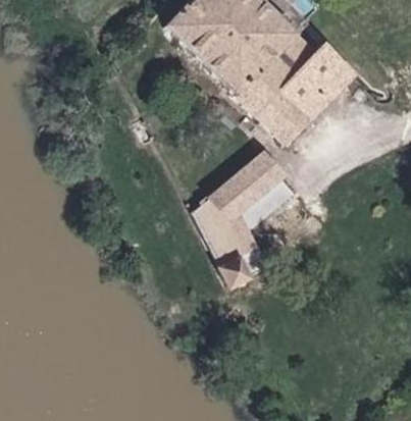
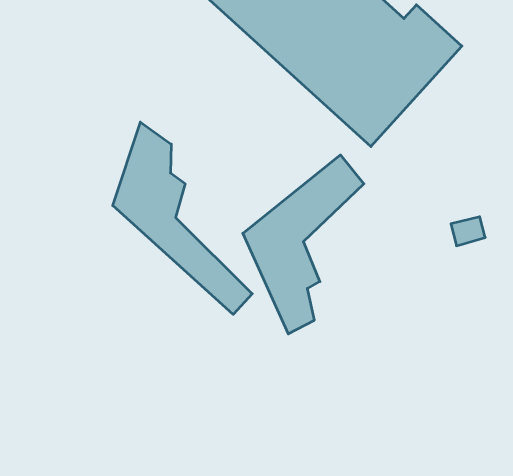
building: none -> [113,122,252,314]

